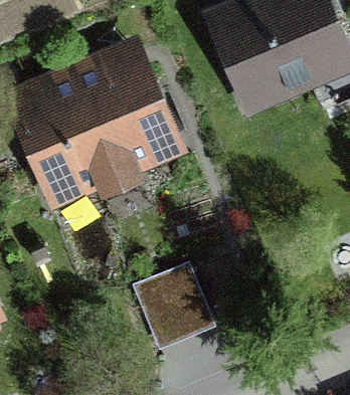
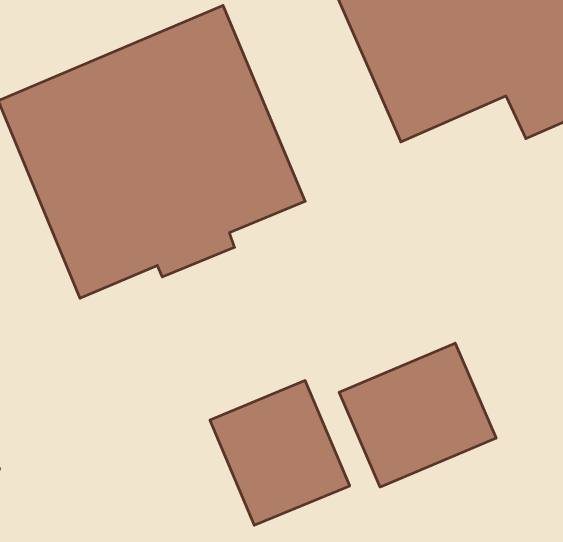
building: none -> [339,343,496,487]

